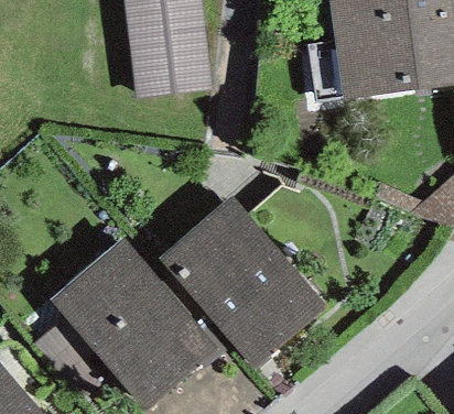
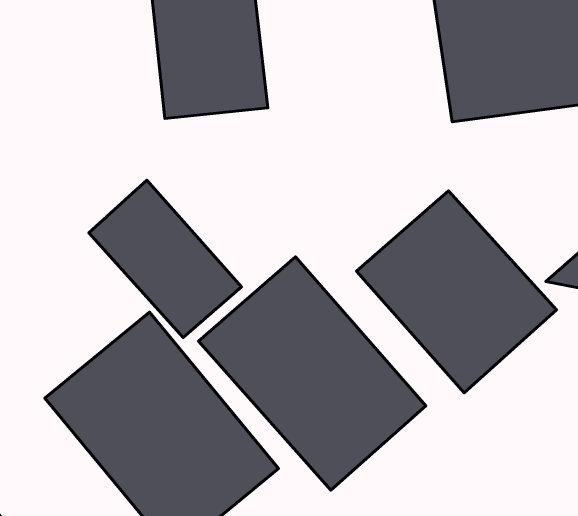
building: none -> [89,180,241,338]
building: none -> [356,191,556,393]

